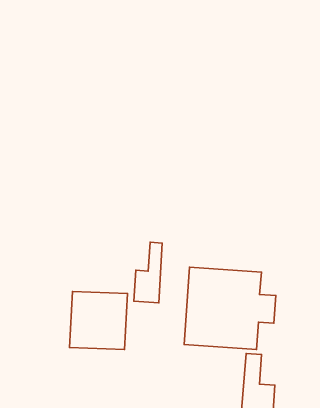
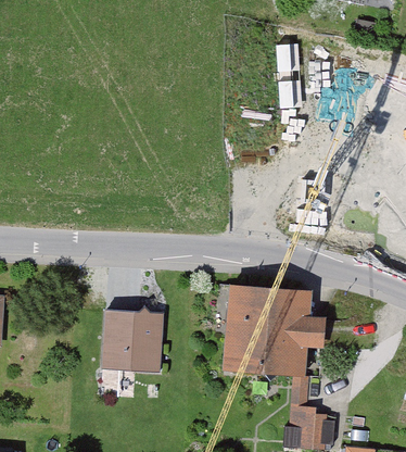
building: [134,242,162,303] -> none

